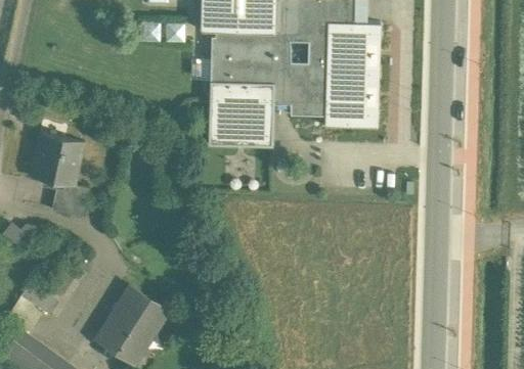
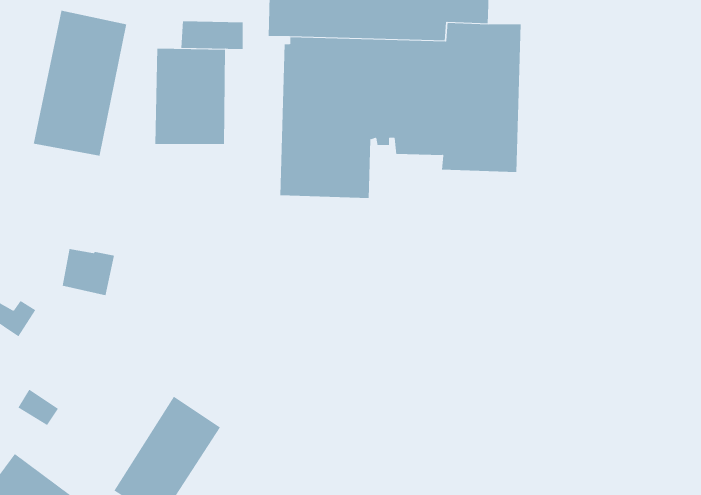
building: none -> [33,10,127,157]
building: none -> [155,48,225,145]
building: [31,131,84,184] -> none

